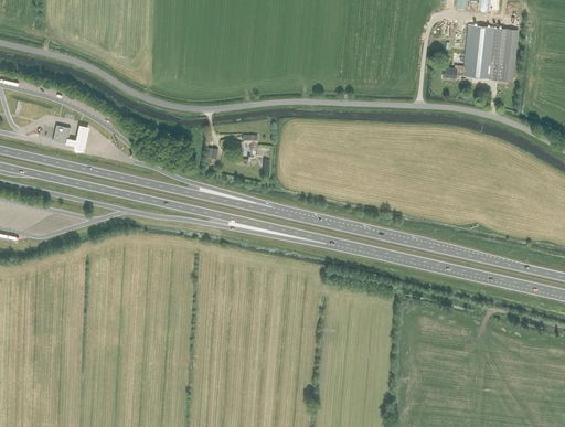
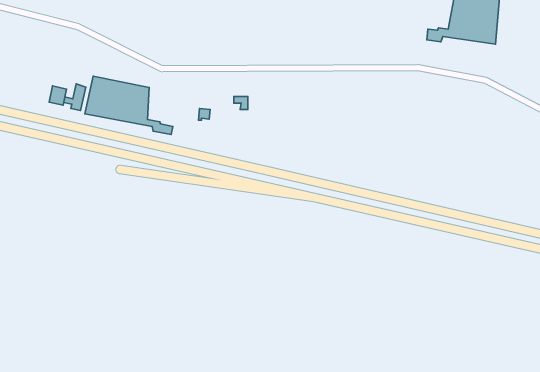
building: none -> [85,76,173,135]

